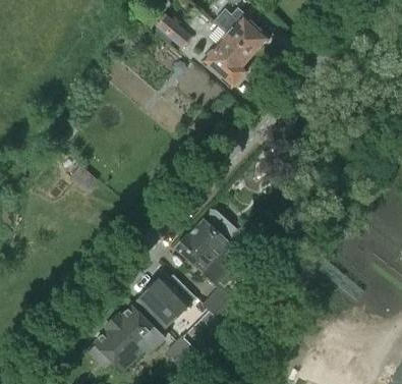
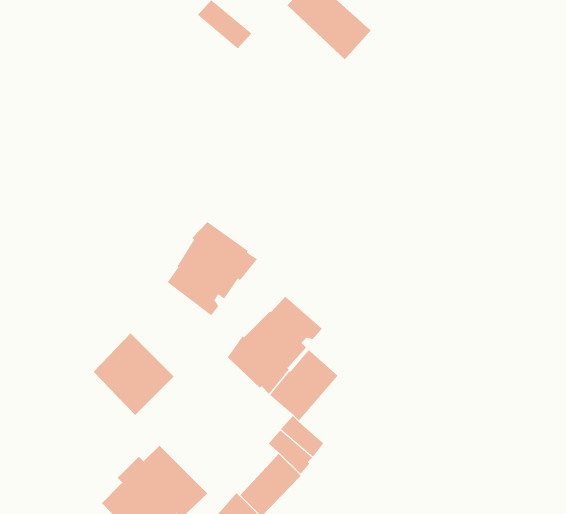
building: [200,21,251,88] -> none
building: none -> [167,221,258,316]
building: [136,276,189,330] -> [93,333,174,416]

